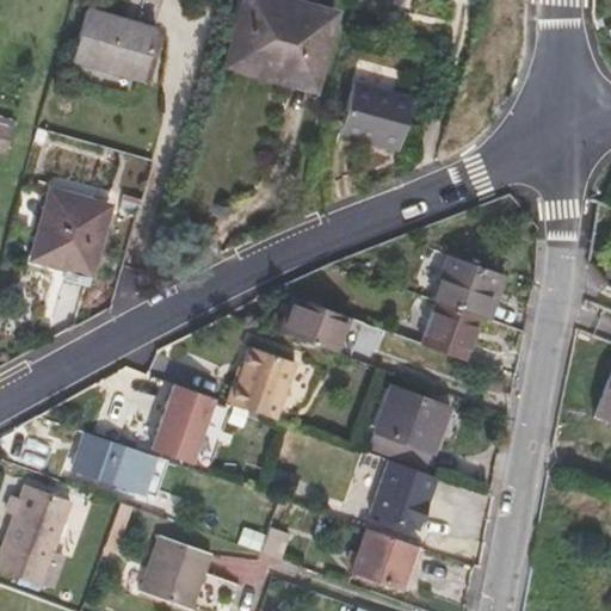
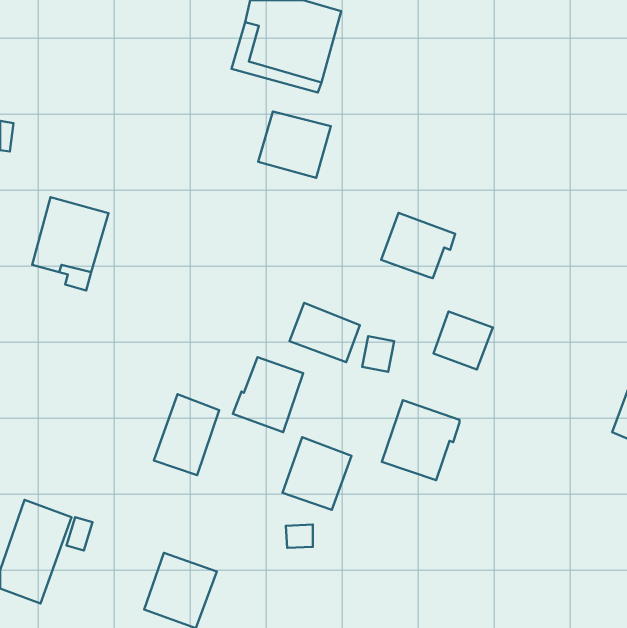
building: [74,11,156,79] -> none
building: [340,82,411,147] -> [258,111,331,178]
building: [433,257,505,320] -> [381,213,455,278]
building: [75,433,172,496] -> none
building: [368,458,434,529] -> [282,437,351,510]
building: [354,529,414,585] -> none

